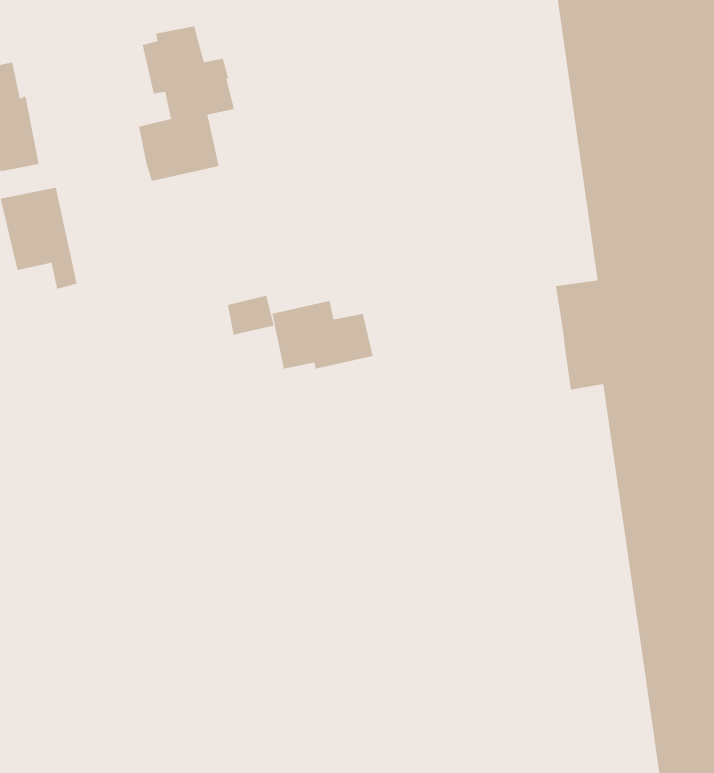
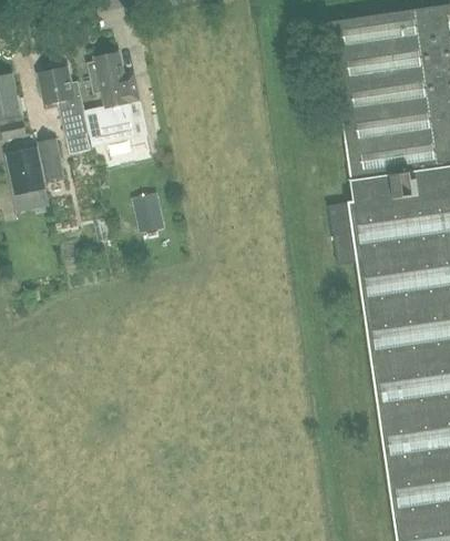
building: none -> [39,67,92,155]
building: none -> [38,139,68,195]
building: [272,300,373,370] -> none

